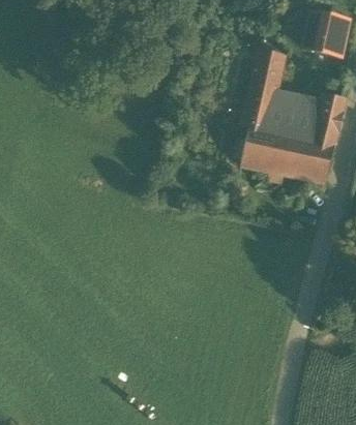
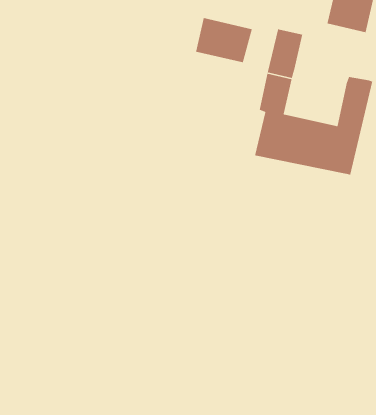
building: none -> [195,17,253,63]
building: [268,89,323,138] -> none

